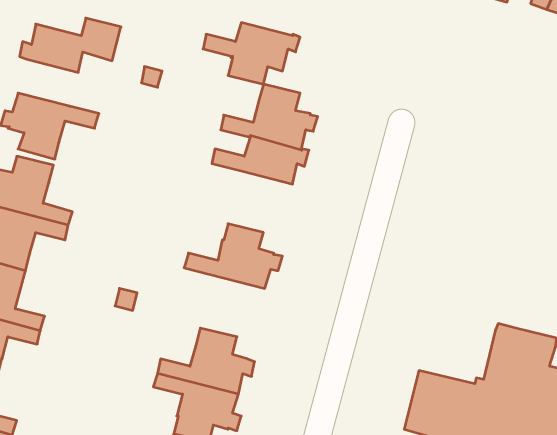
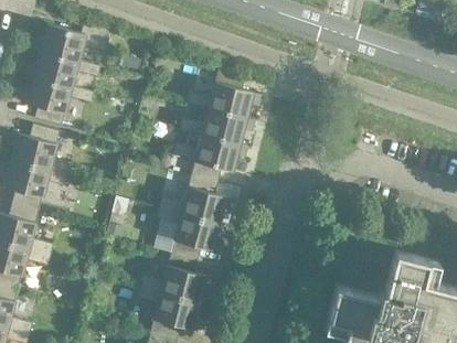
building: [203,23,300,84] -> [172,135,245,181]
building: none -> [26,51,100,86]
building: none -> [156,207,221,259]

